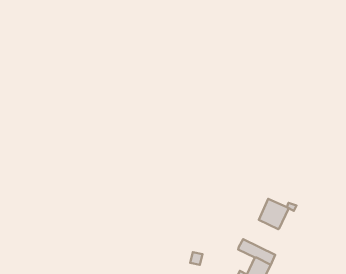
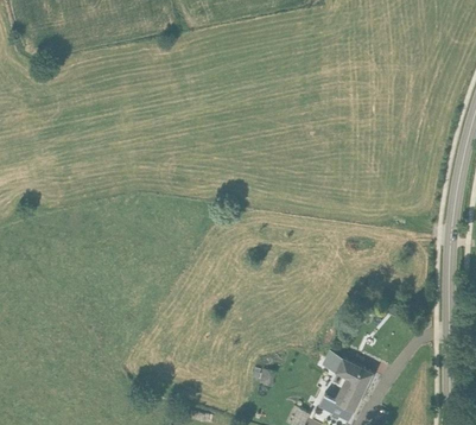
building: [259,199,288,229] -> none

